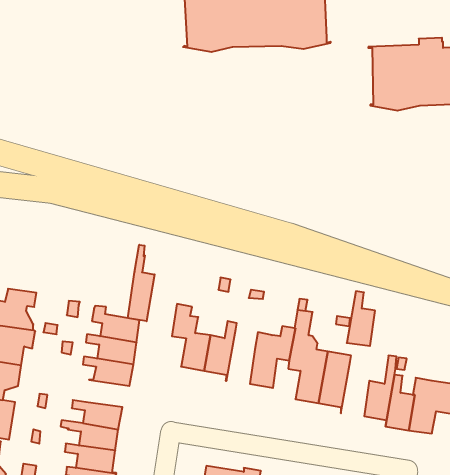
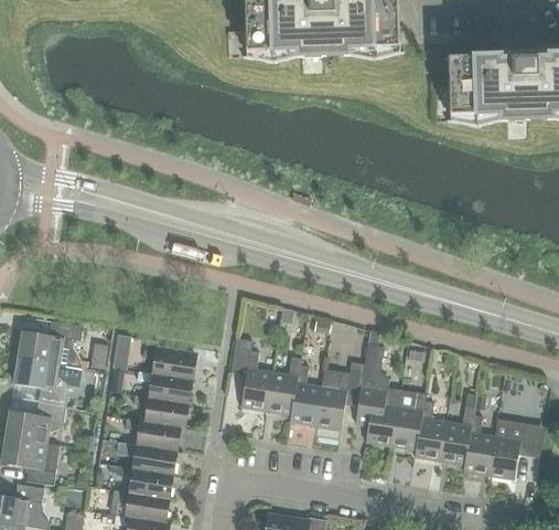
building: [128,245,155,321] -> none
building: [347,291,375,346] -> [415,400,445,459]
building: none -> [290,364,321,424]
building: none -> [125,417,184,449]

